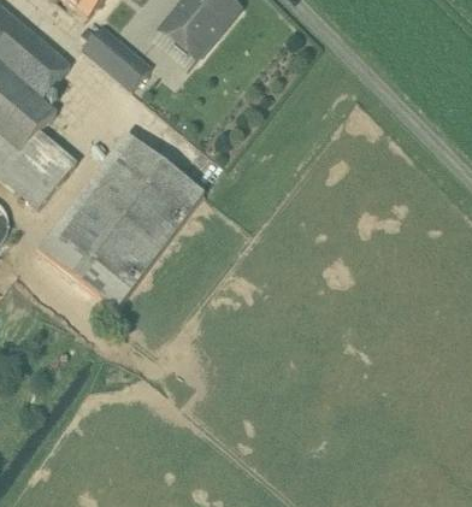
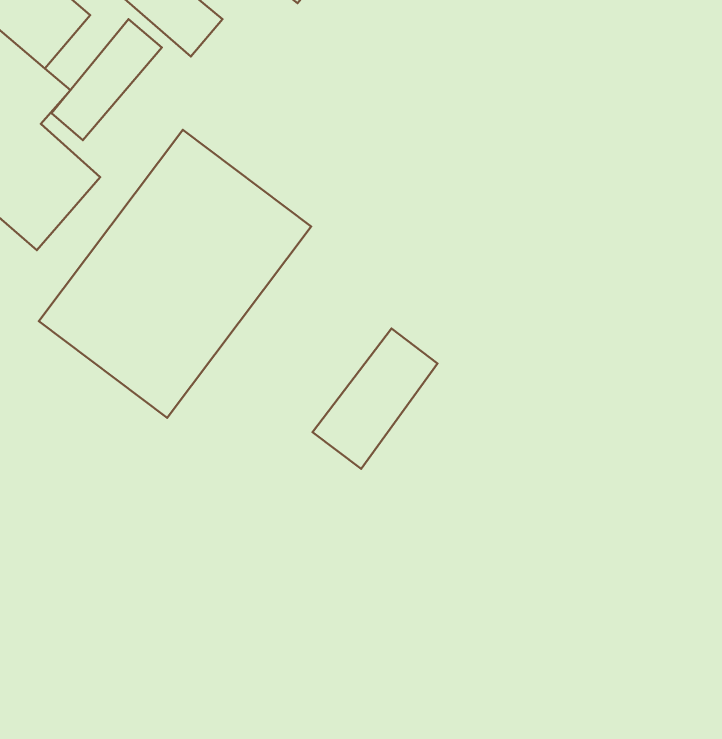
building: none -> [52,19,162,140]
building: none -> [312,328,438,469]

